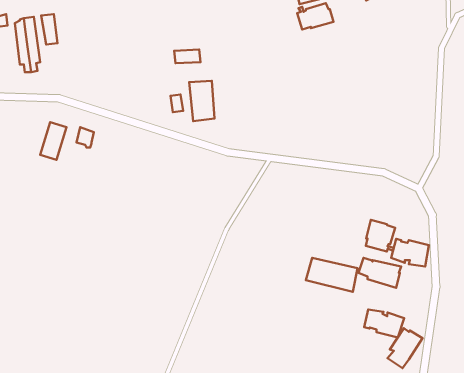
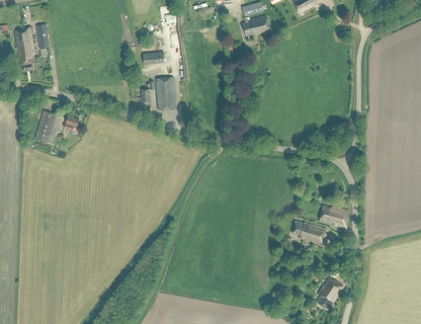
building: [366,220,395,251] -> none
building: [306,258,357,292] -> none
building: [364,309,404,337] -> none

